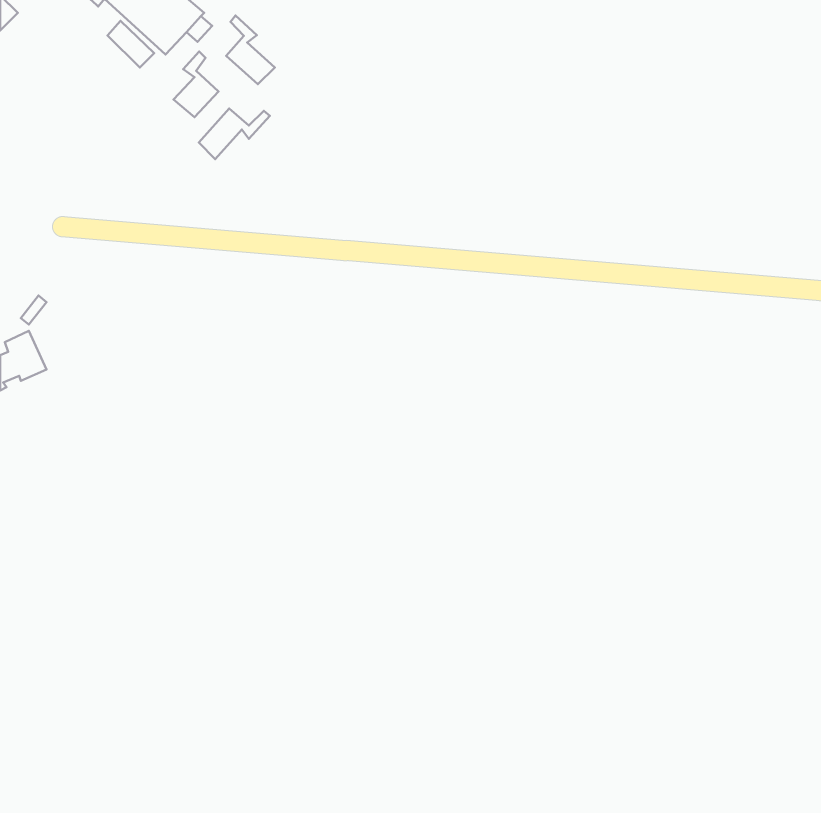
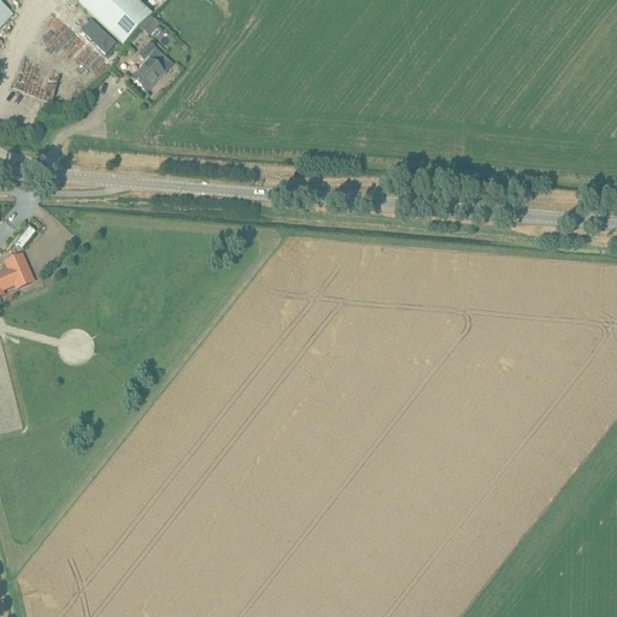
building: [226,16,275,84] -> none
building: [199,108,270,159] -> none

